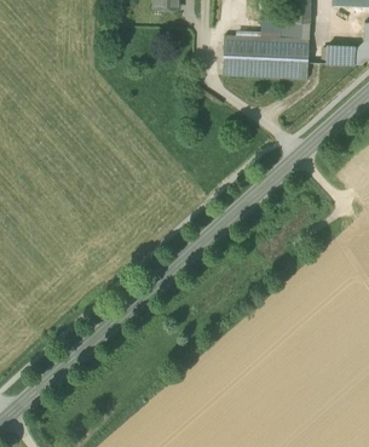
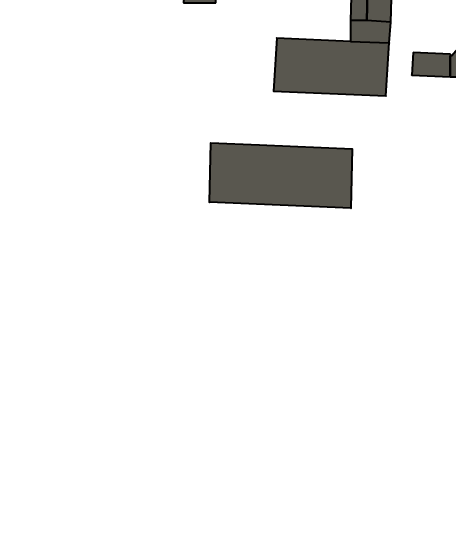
building: none -> [209,143,352,208]

